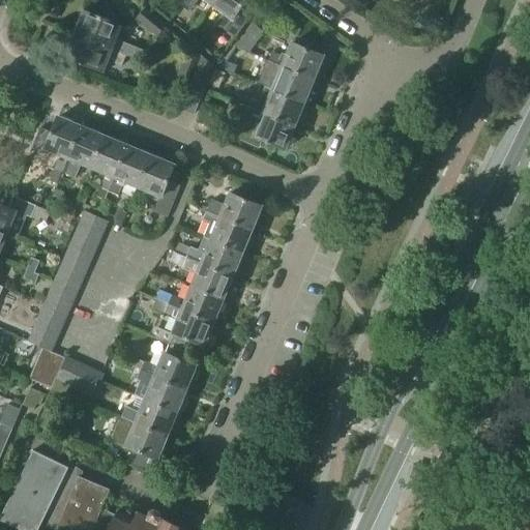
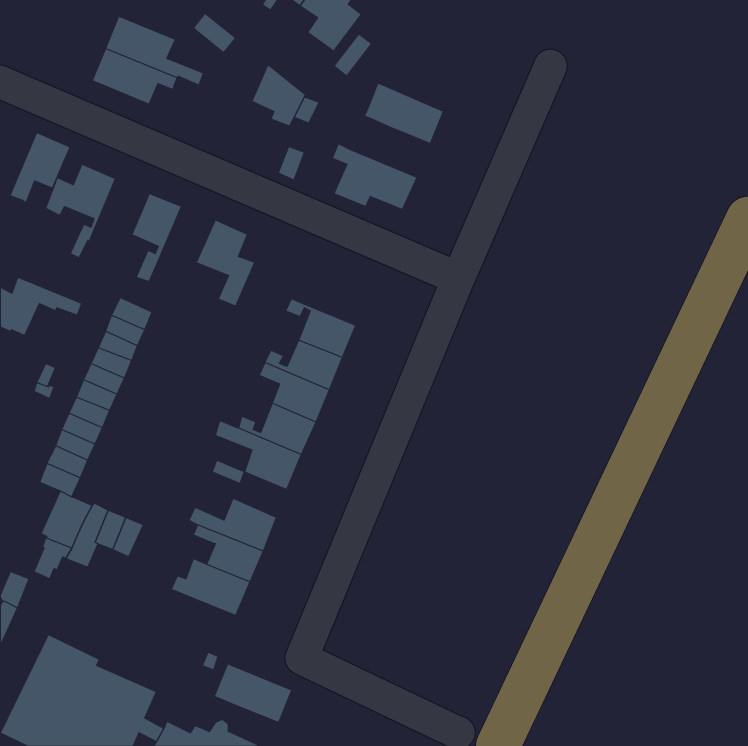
building: [268,42,324,79] -> none
building: [247,85,304,125] -> none
building: [63,126,106,176] -> [10,133,70,203]
building: [110,146,152,194] -> none
building: [206,193,262,230] -> none
building: [112,416,167,458] -> [214,664,292,723]

